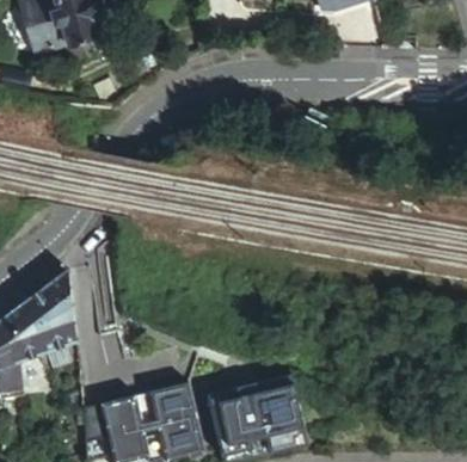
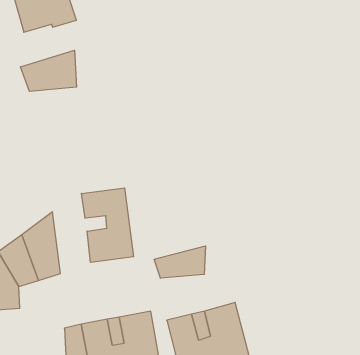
building: none -> [20,50,77,91]
building: none -> [81,188,133,262]
building: none -> [154,246,205,278]

